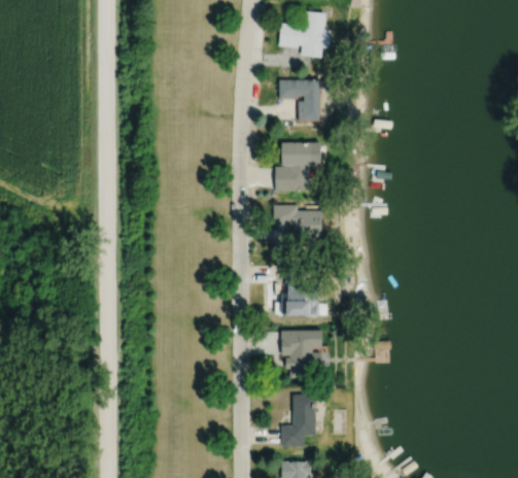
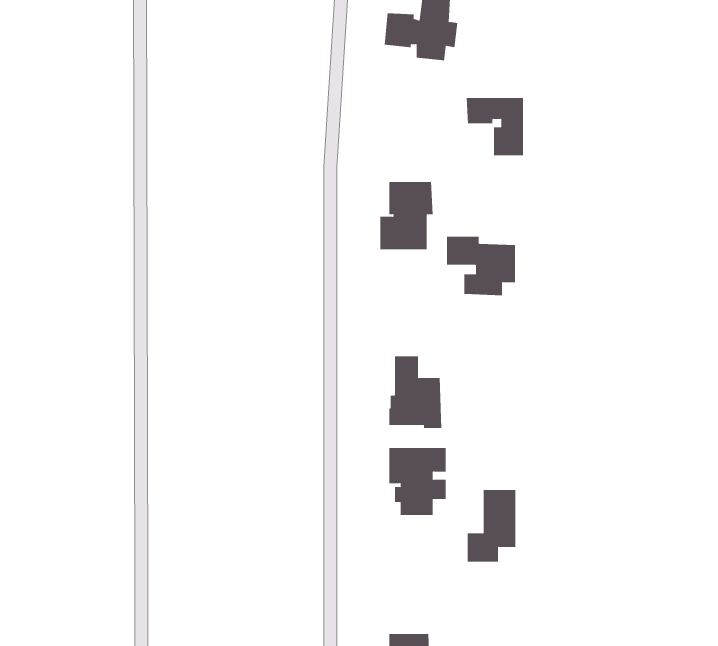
building: [279,79,320,121] -> [466,98,524,156]
building: [274,205,323,247] -> [446,236,516,296]
building: [282,396,317,447] -> [467,489,516,562]

